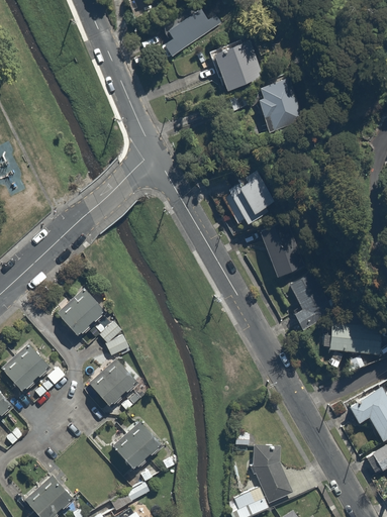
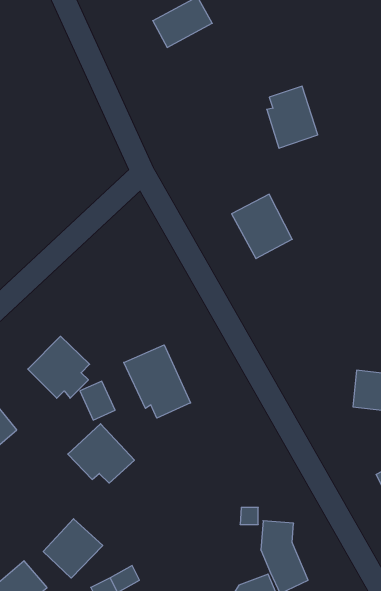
building: [211,39,263,90] -> none
building: [260,220,306,277] -> none
building: [290,275,331,326] -> none
building: none -> [124,345,191,418]
building: [112,420,162,470] -> [43,519,103,578]

